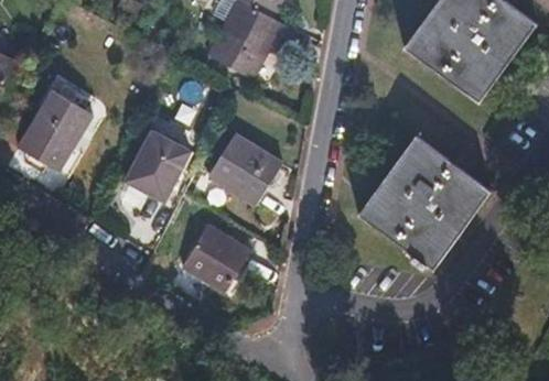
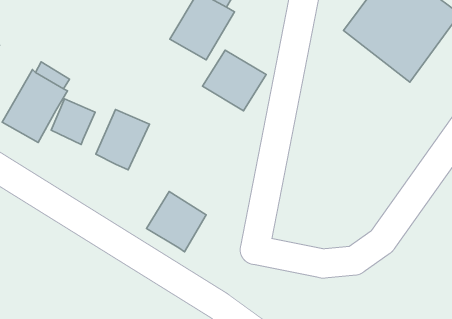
building: none -> [51,99,95,144]
building: [207,133,279,202] -> [203,50,266,111]
building: [359,135,492,269] -> none

